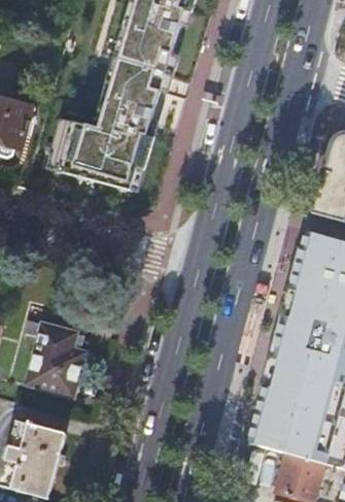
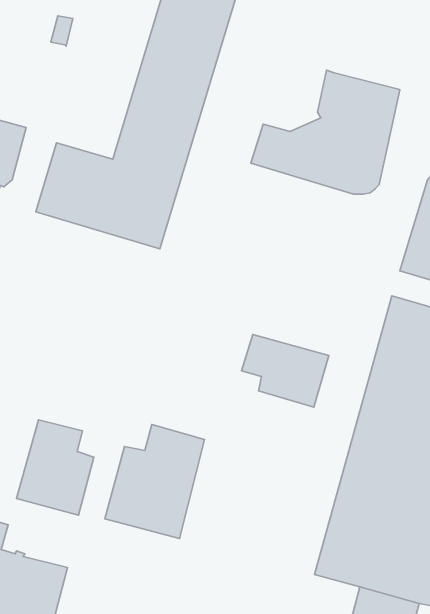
building: none -> [251,70,400,194]
building: none -> [241,334,329,407]
building: none -> [105,425,204,539]

